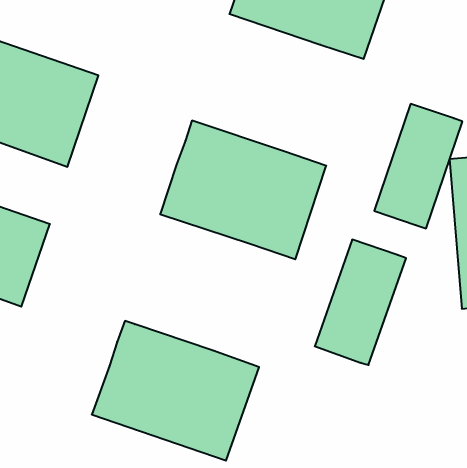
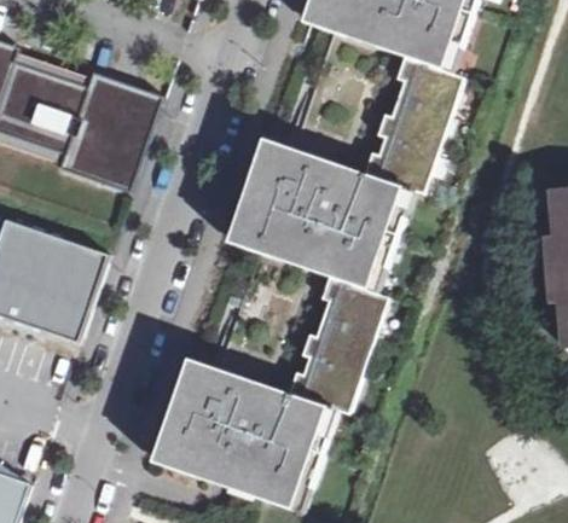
building: [374,104,462,228] -> [365,56,462,192]
building: [315,240,406,365] -> [286,274,387,412]

